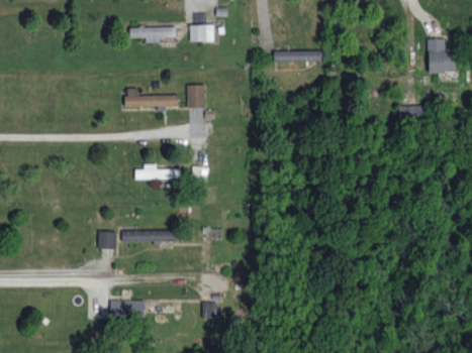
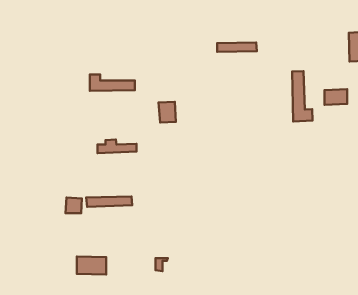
building: [189,24,213,41] -> none
building: [129,27,175,42] -> none
building: [186,84,206,108] -> [158,102,176,123]
building: none -> [292,71,313,121]

